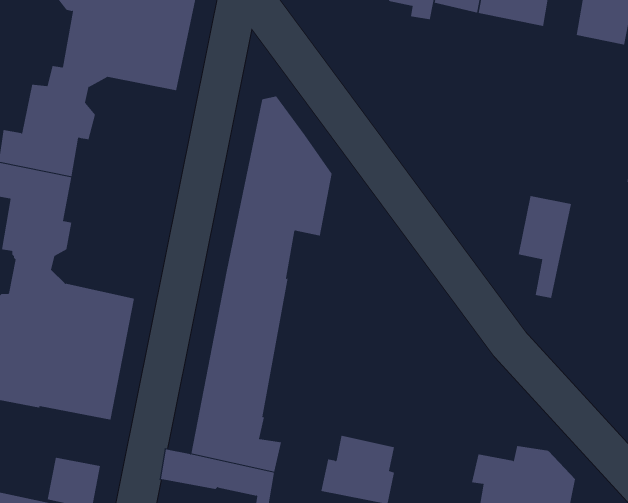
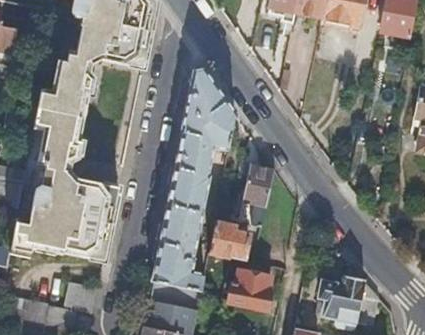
building: [518,195,572,298] -> [242,165,274,226]
building: none -> [209,222,249,259]

